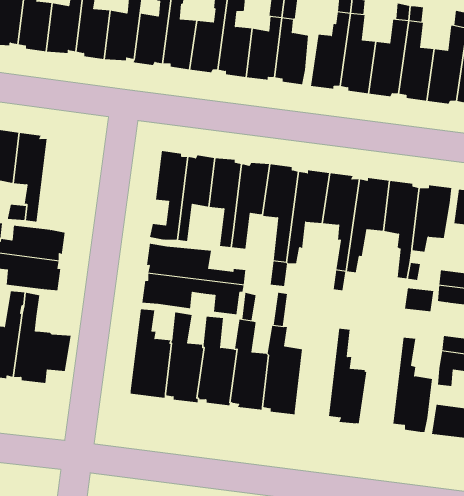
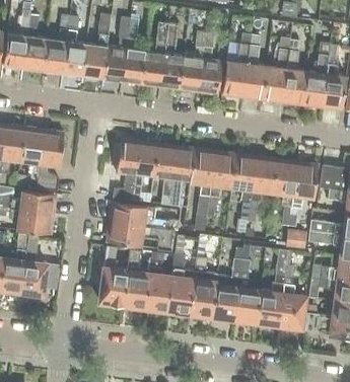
building: none -> [37,130,64,190]
building: none -> [256,249,287,327]
building: none -> [212,258,241,321]

